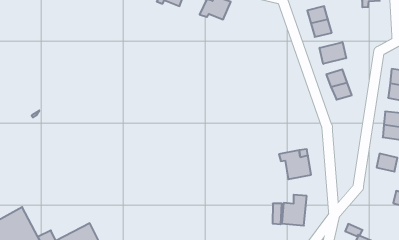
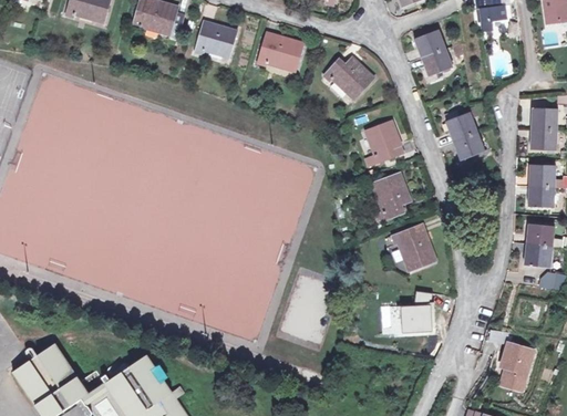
building: none -> [324,58,370,93]
building: [320,42,346,64] -> none
building: none -> [362,116,395,158]
building: none -> [373,173,406,218]
building: none -> [522,245,547,267]

